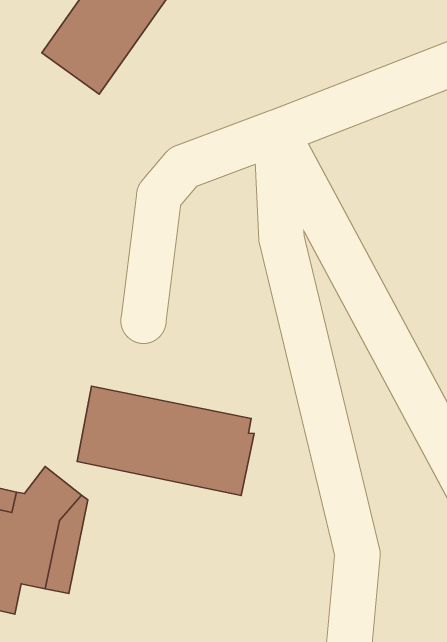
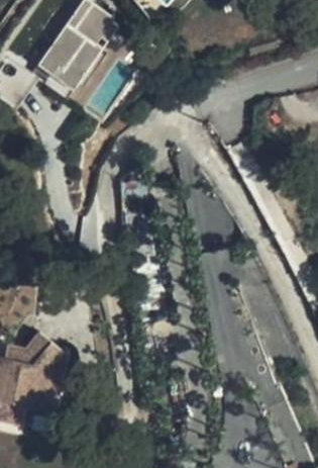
building: [77,386,254,496] -> none

